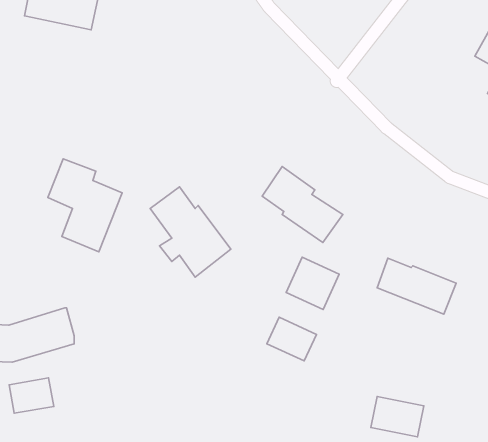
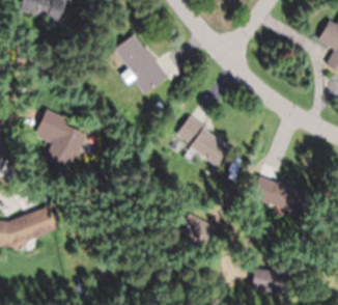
building: [150,187,231,277] -> [115,35,169,95]
building: [286,257,339,309] -> none
building: [9,378,54,413] -> none

